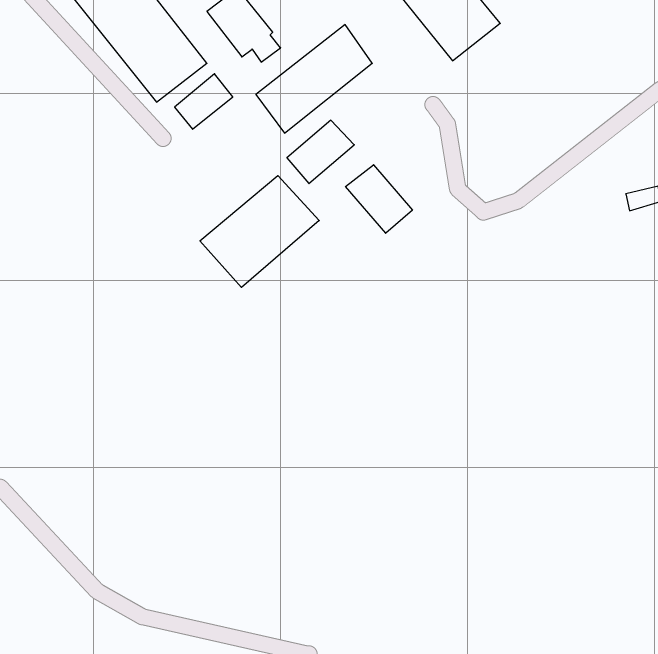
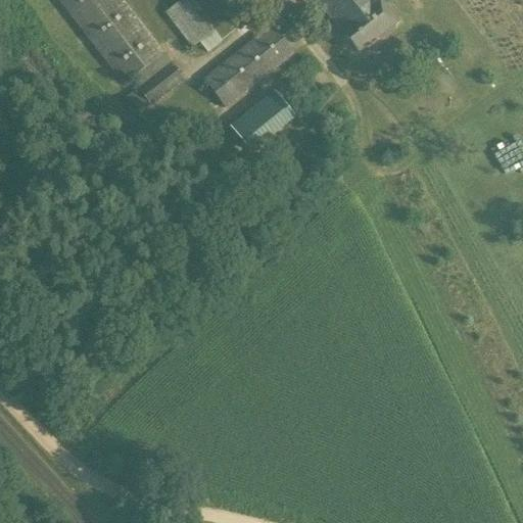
building: [346,165,412,233] -> none
building: [200,176,319,287] -> none

